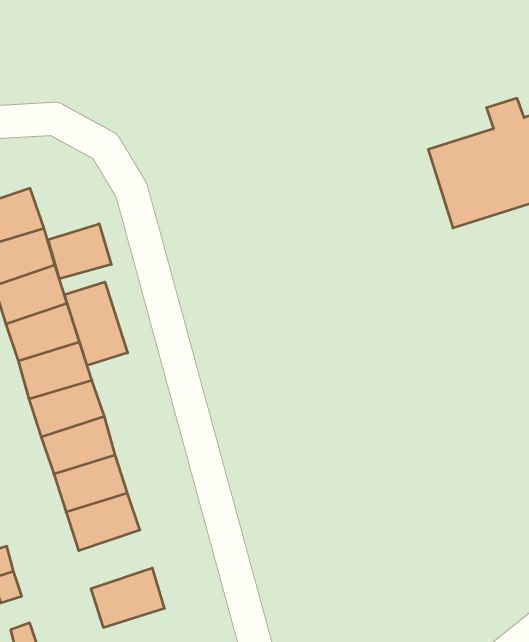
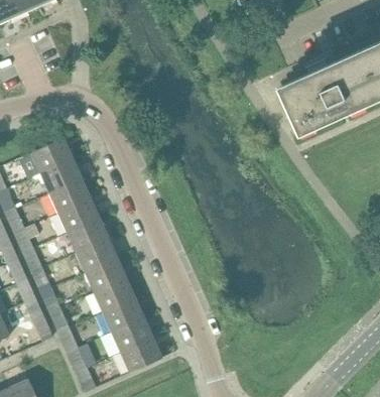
building: [48,224,111,279] -> none
building: [64,282,128,365] -> none
building: none -> [111,316,152,352]

